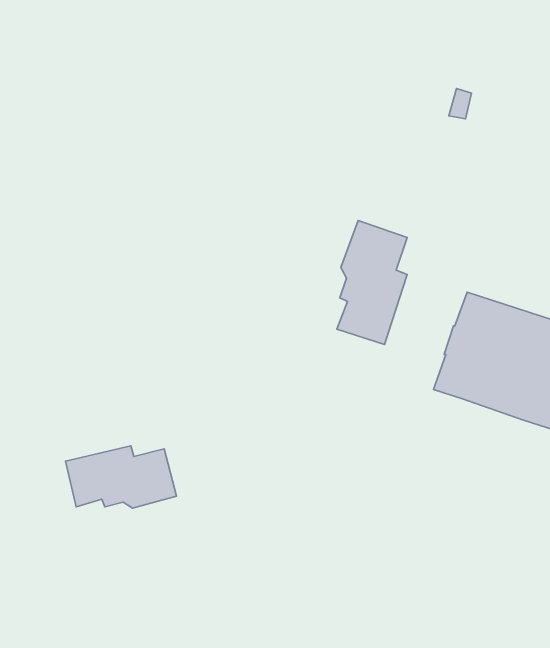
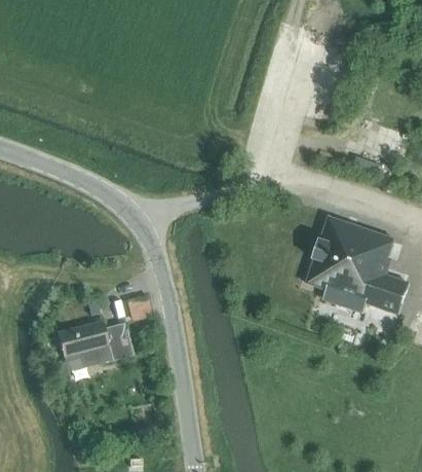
building: [337,220,407,345] -> none

